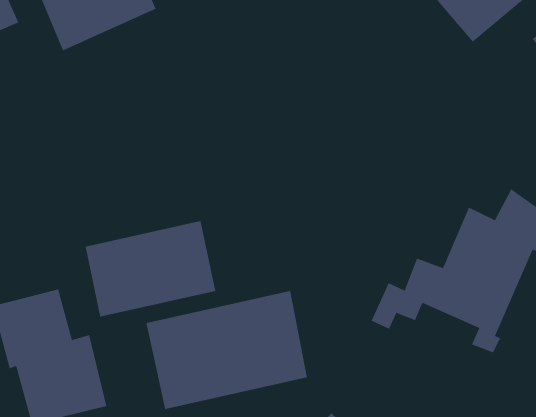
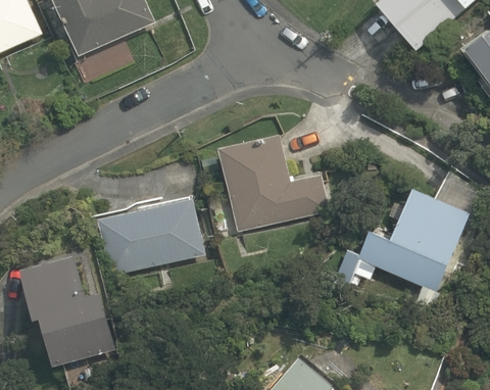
building: none -> [217,133,329,232]
building: [146,290,307,410] -> none

